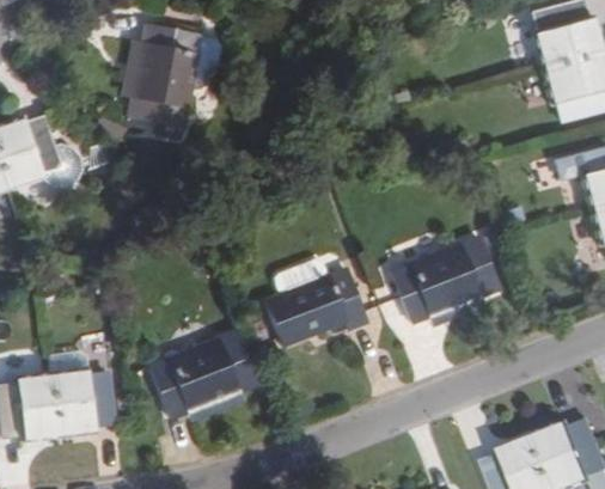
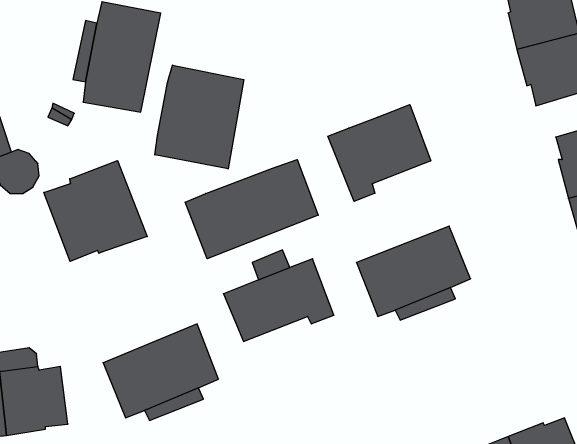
building: none -> [155,65,244,169]
building: none -> [328,105,431,201]
building: none -> [185,160,318,259]
building: none -> [44,161,147,261]

